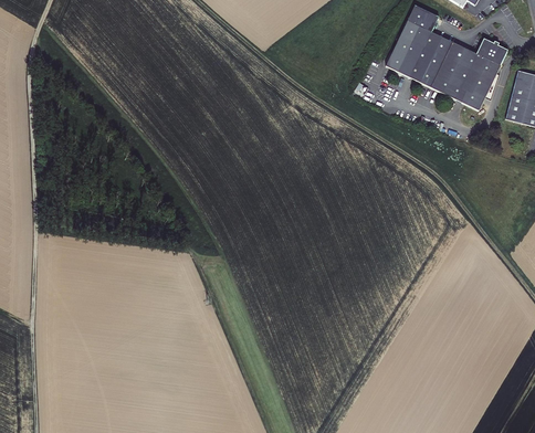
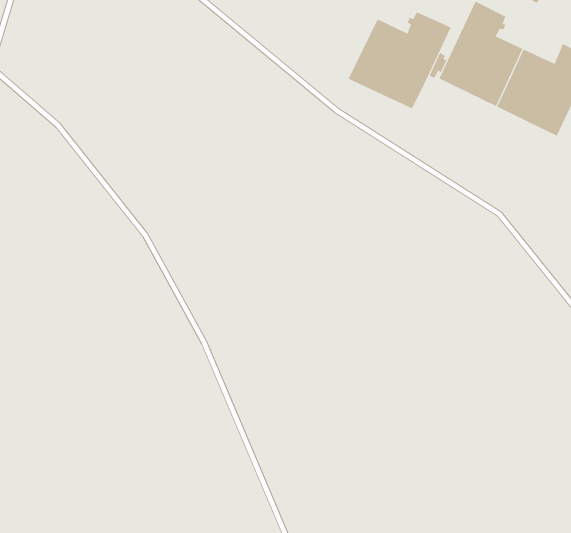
building: none -> [348,11,452,109]

